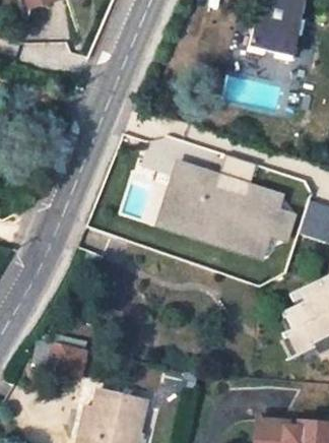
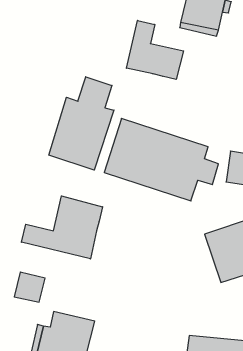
building: none -> [126,20,184,79]
building: none -> [49,77,114,170]
building: none -> [21,196,103,259]

